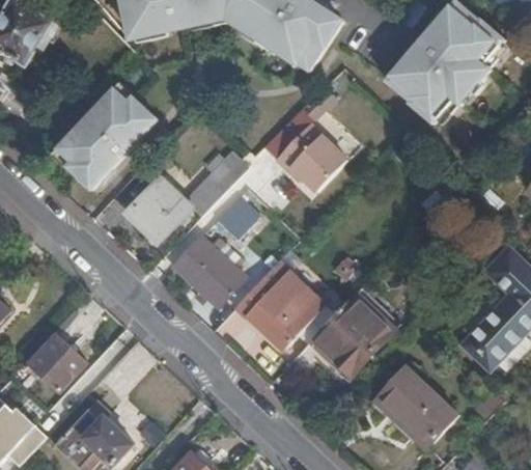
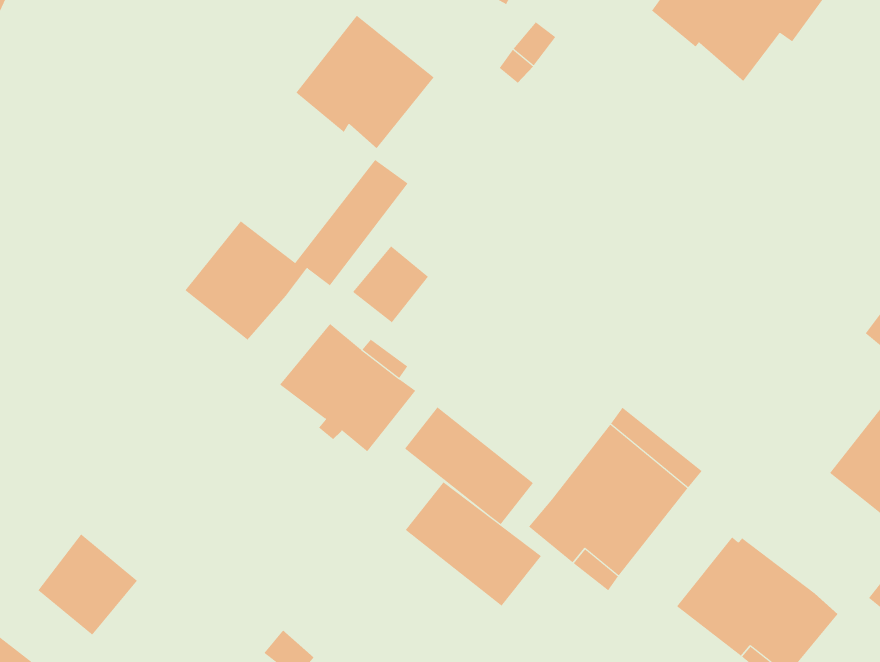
building: [56,87,158,190] -> none
building: [274,118,348,191] -> [296,15,434,149]
building: [253,260,325,330] -> [405,482,542,607]

